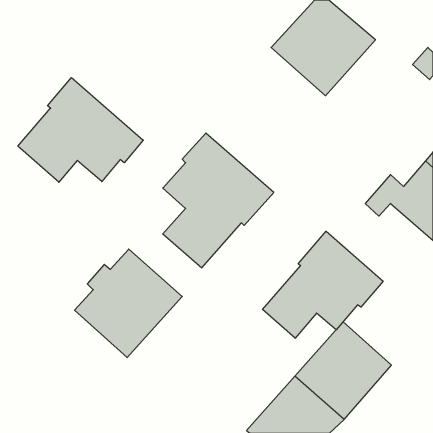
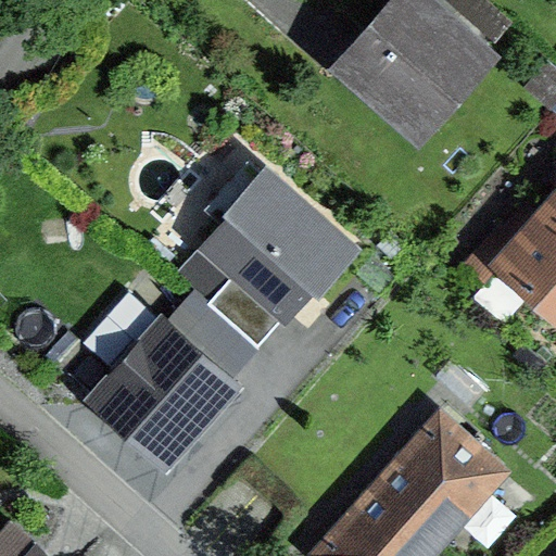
building: [18,78,143,182] -> none
building: [263,231,383,338] -> none

